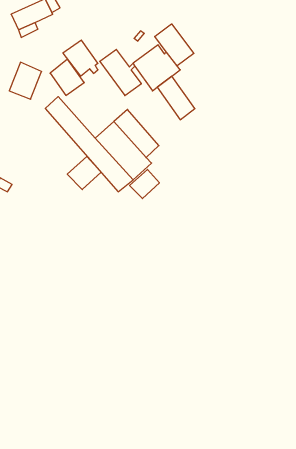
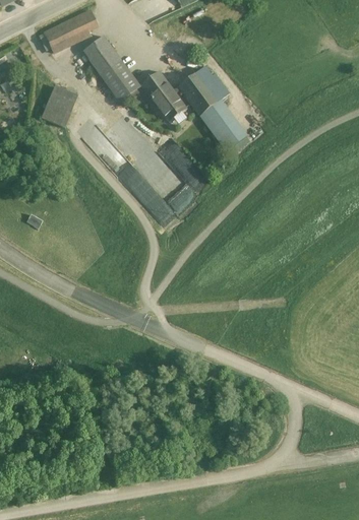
building: [155,24,194,66] -> none
building: [50,59,84,95] -> [82,35,120,74]
building: [67,157,101,190] -> none
building: [130,169,159,199] -> none

